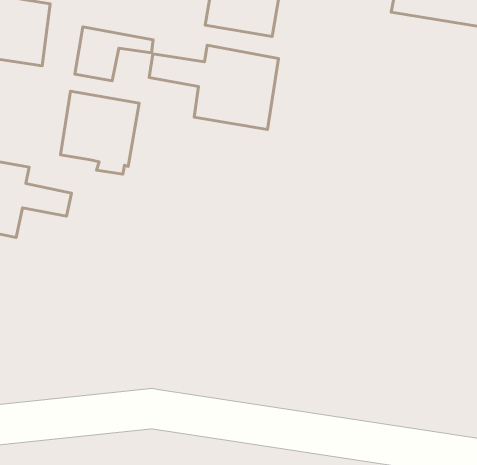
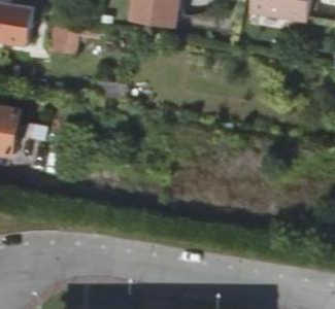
building: [149,45,278,130] -> none
building: [61,91,139,174] -> none

